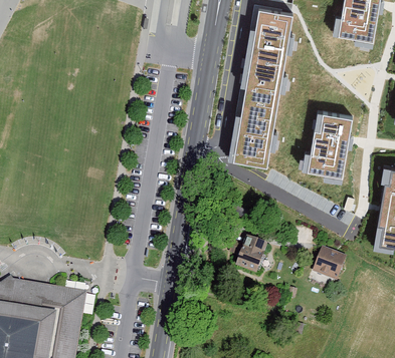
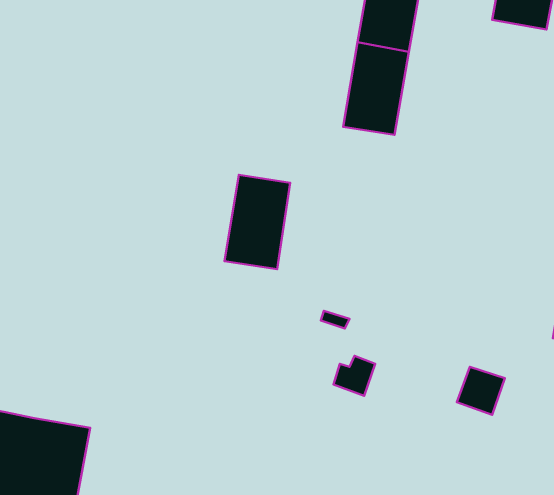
building: [234,103,275,162] -> [224,175,290,269]
building: [305,106,352,174] -> none

